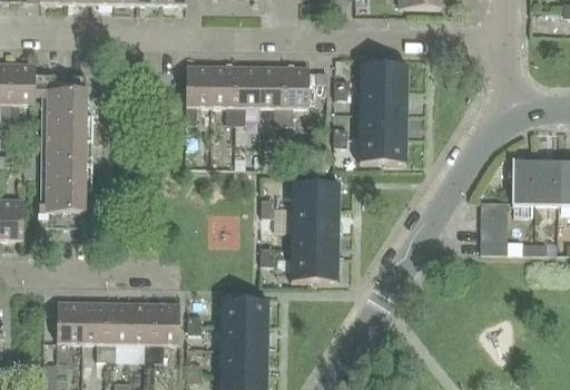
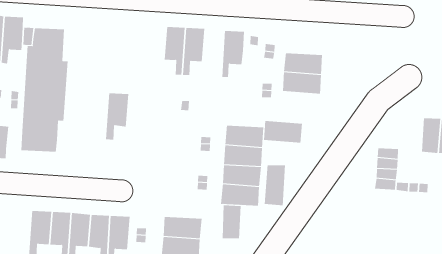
building: [360,64,407,89] -> none
building: [185,65,212,123] -> [105,93,129,140]
building: [258,65,283,124] -> none
building: [358,137,406,163] -> [263,121,303,143]
building: [511,158,534,215] -> none
building: none -> [264,165,285,206]
building: none -> [222,204,241,239]

